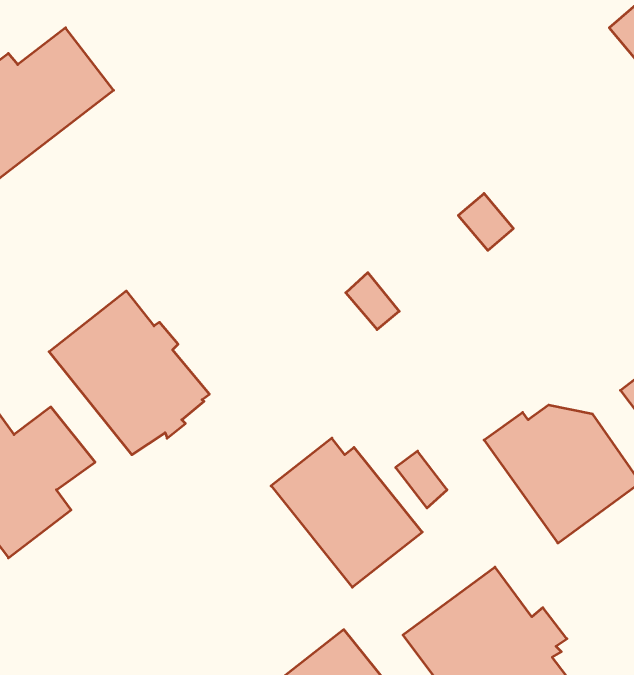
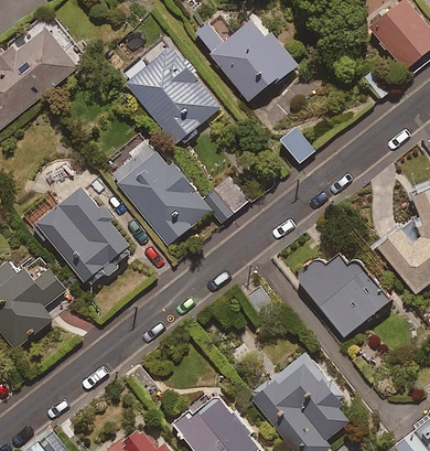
building: none -> [195,22,295,104]
building: none -> [122,51,219,144]
building: [271,438,422,587] -> [119,155,209,245]

